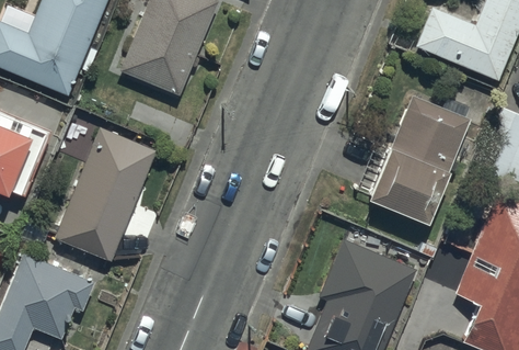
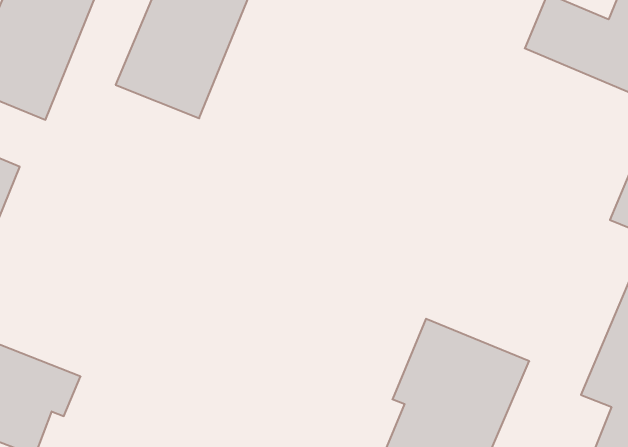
building: [366,95,471,221] -> none
building: [55,128,157,262] -> none

